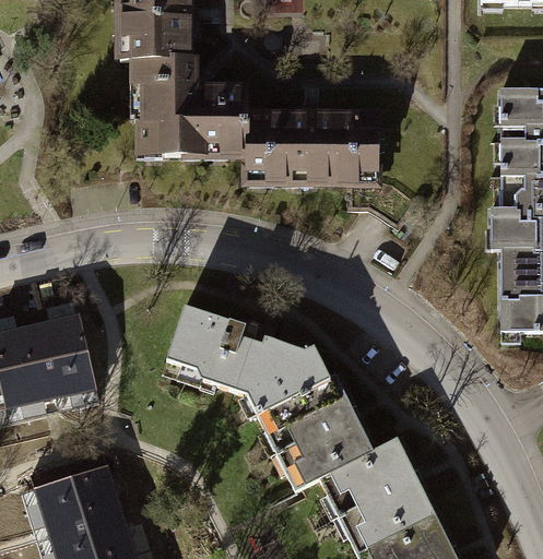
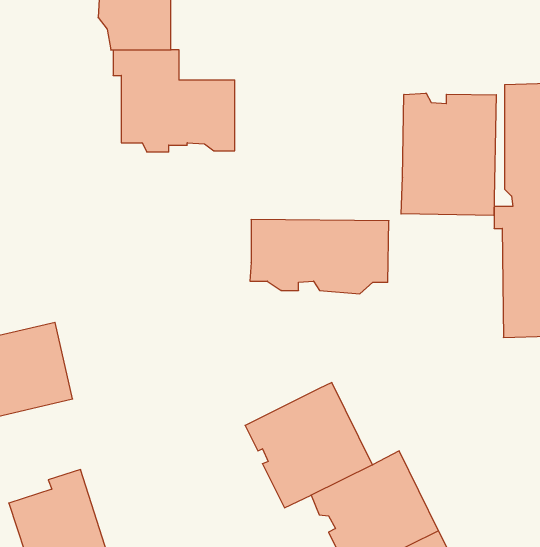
building: none -> [401,93,496,216]
building: [246,115,377,185] -> [250,220,389,294]
building: [164,307,327,412] -> none

